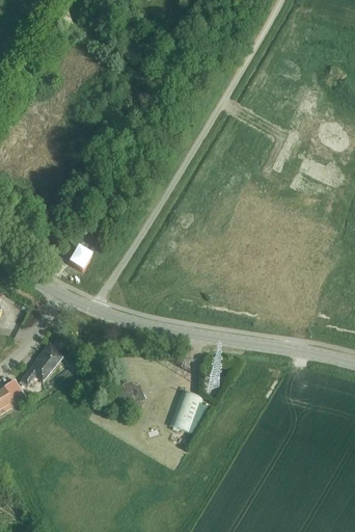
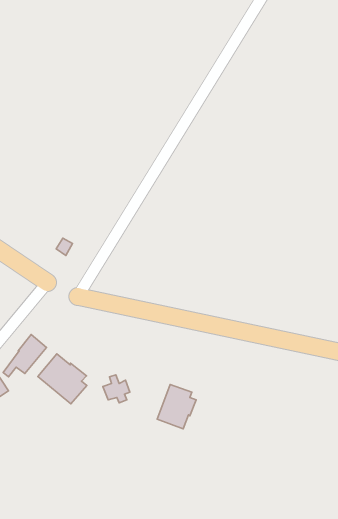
building: none -> [38,354,87,404]

